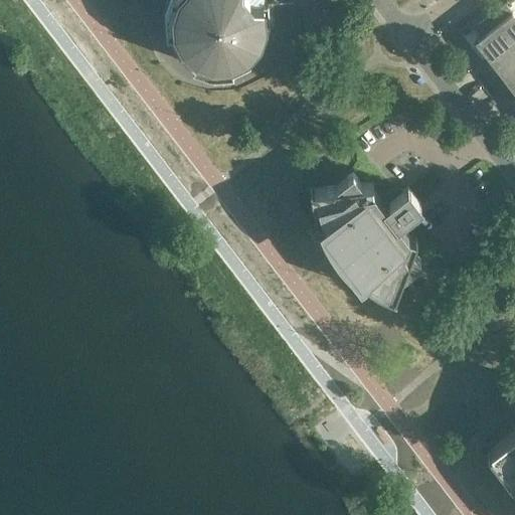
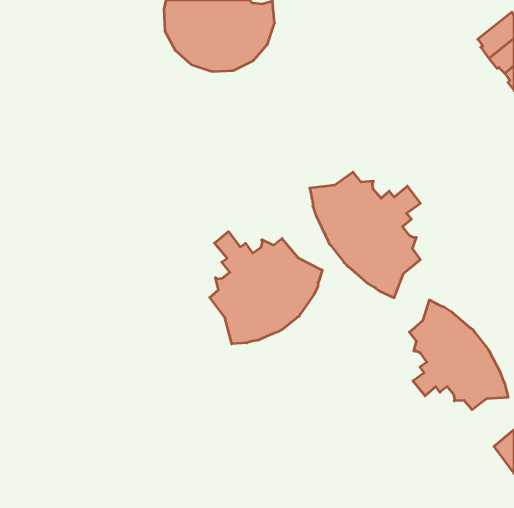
building: none -> [210,232,322,344]
building: none -> [409,300,508,410]

